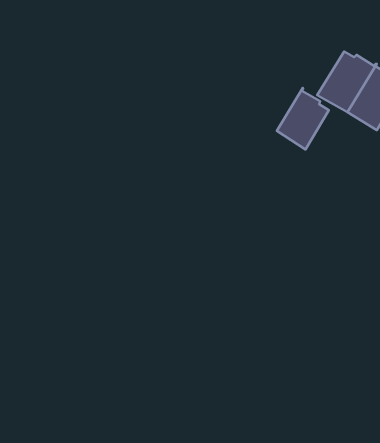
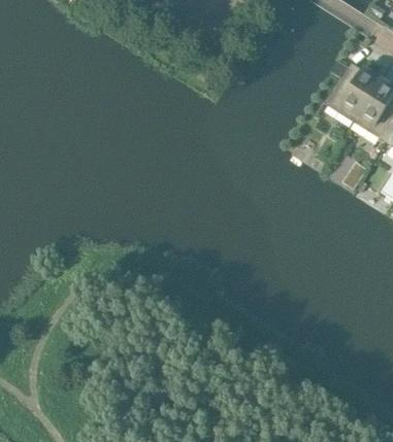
building: [277,88,329,150] -> none

